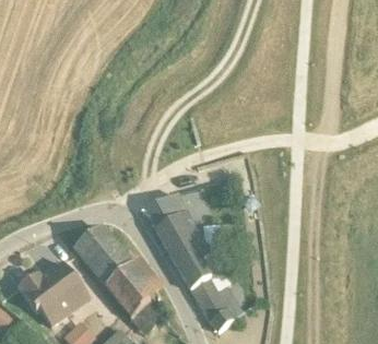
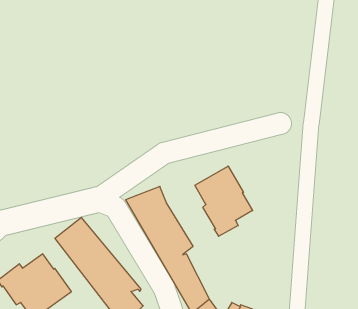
building: none -> [195,166,253,236]

